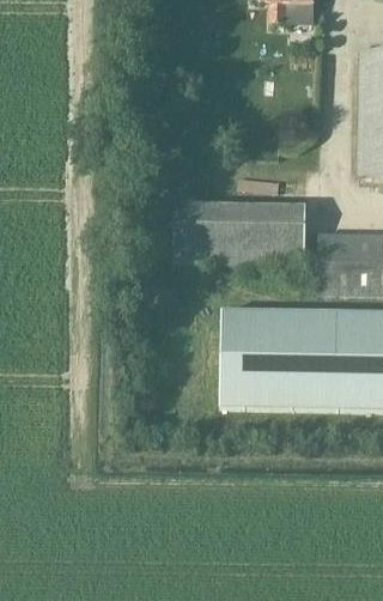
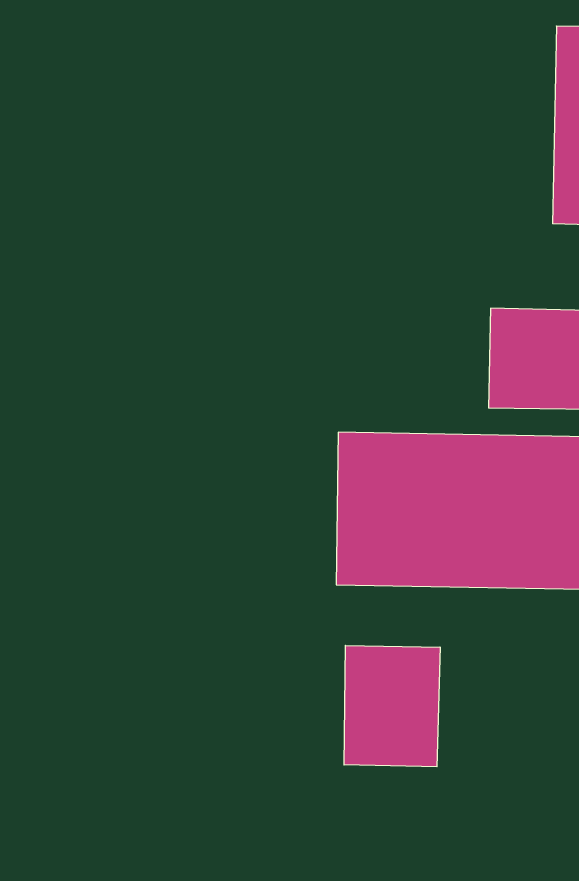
building: [174,200,305,262] -> none
building: none -> [344,645,440,767]

